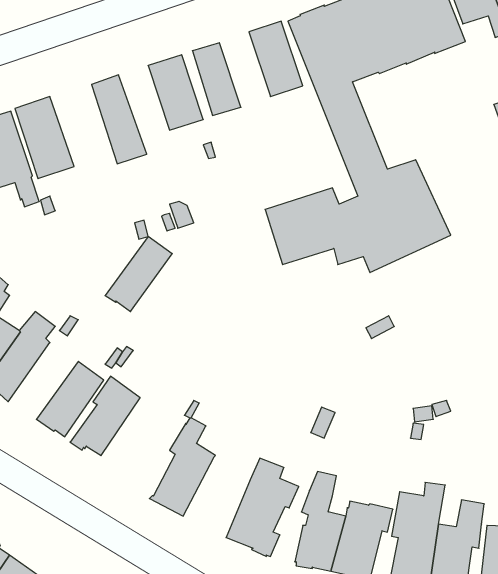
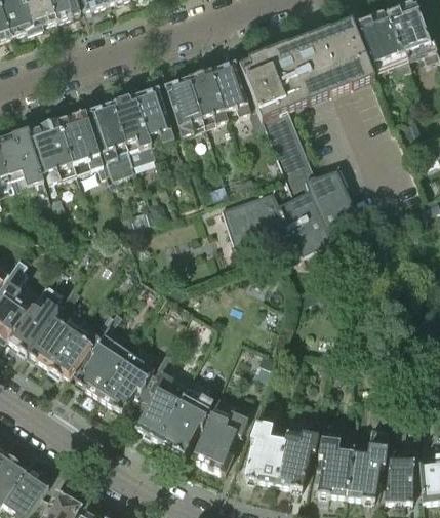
building: none -> [186,71,225,128]
building: none -> [109,96,152,164]
building: none -> [56,111,102,173]
building: [105,236,172,312] -> [27,309,78,366]
building: none -> [95,350,153,415]
building: none -> [158,393,211,453]

